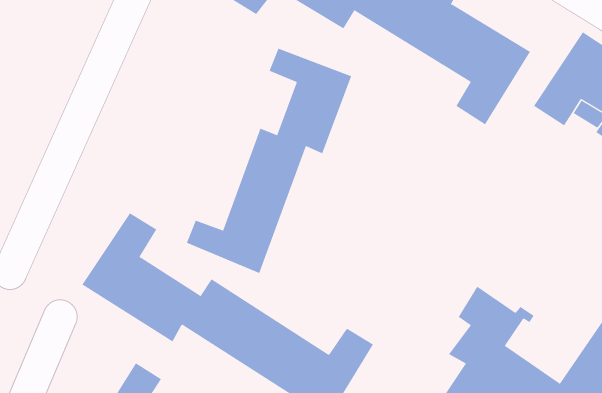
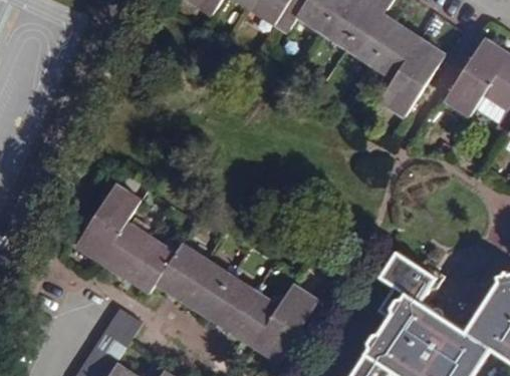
building: [186,48,352,274] -> none

